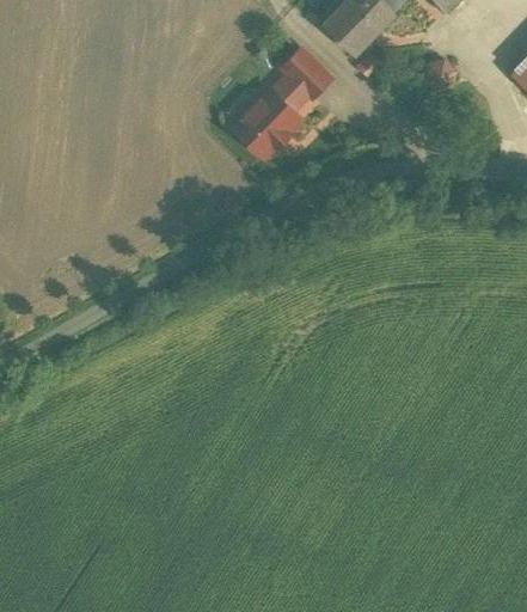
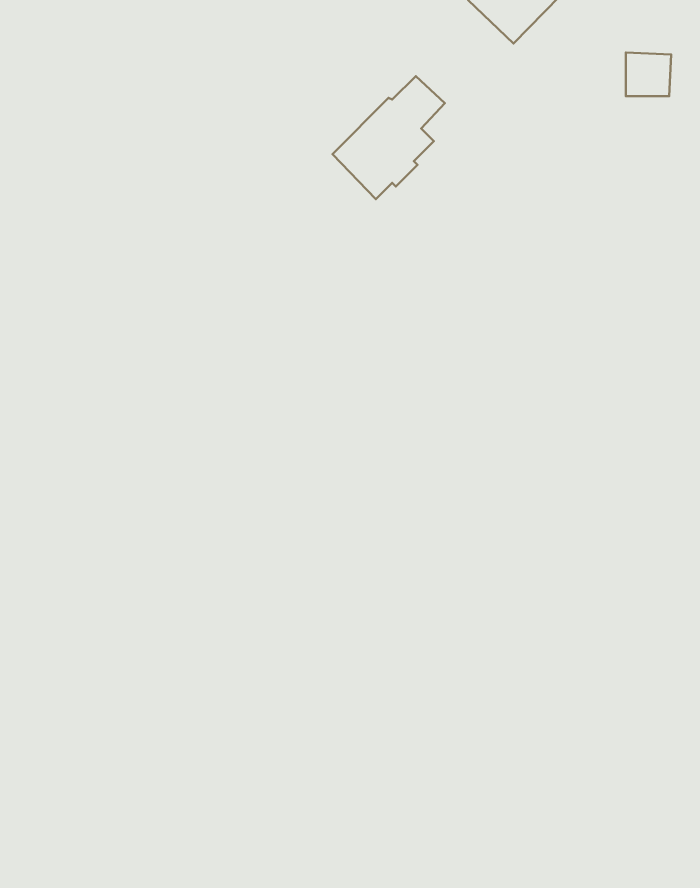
building: [282,48,331,97] -> none

